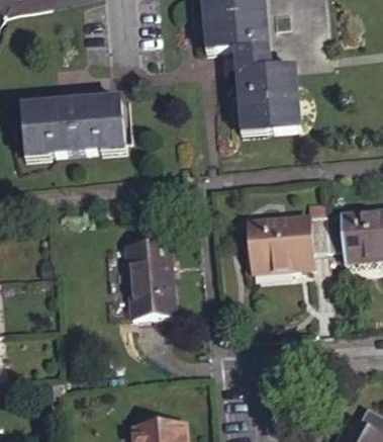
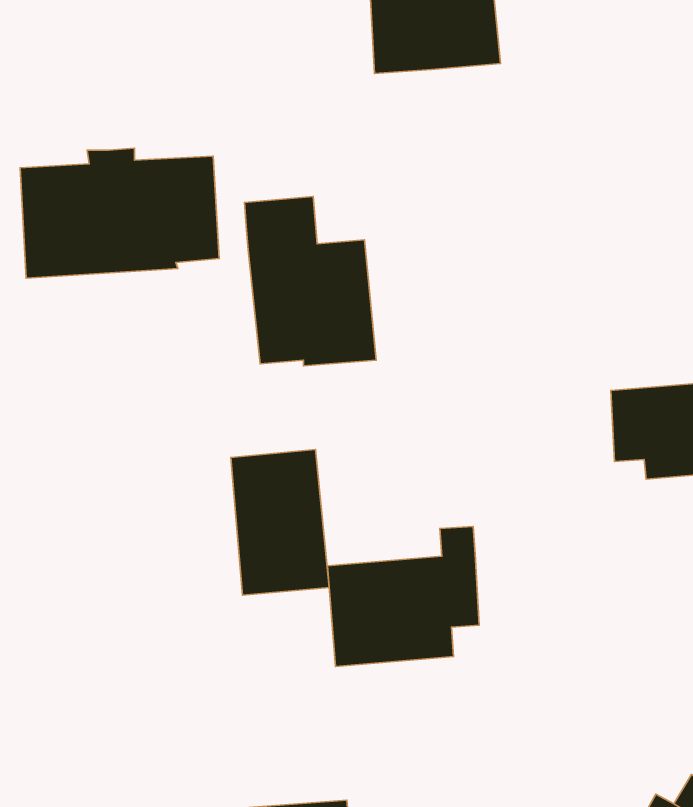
building: [233,46,301,132] -> [244,197,376,366]
building: [250,199,327,271] -> [328,527,479,666]

